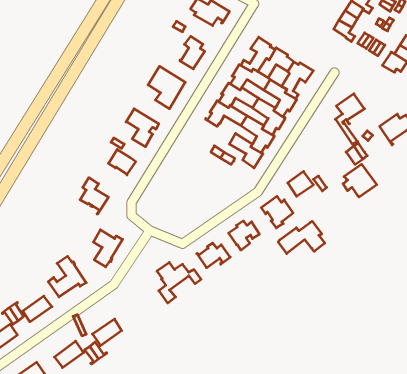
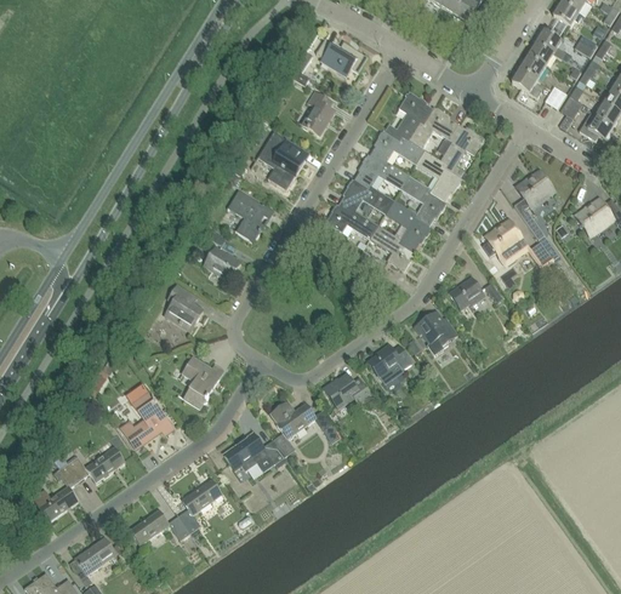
building: none -> [325,205,377,239]
building: [343,164,377,197] -> [483,219,529,264]
building: [278,221,325,254] -> none
building: none -> [223,433,284,472]

